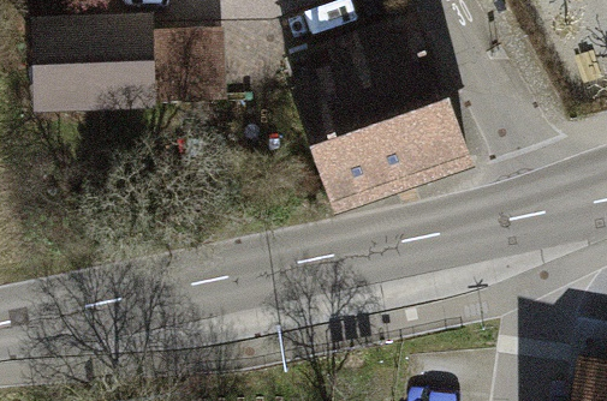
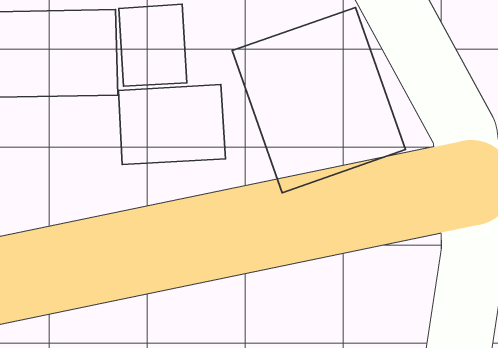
building: none -> [119,85,225,165]

